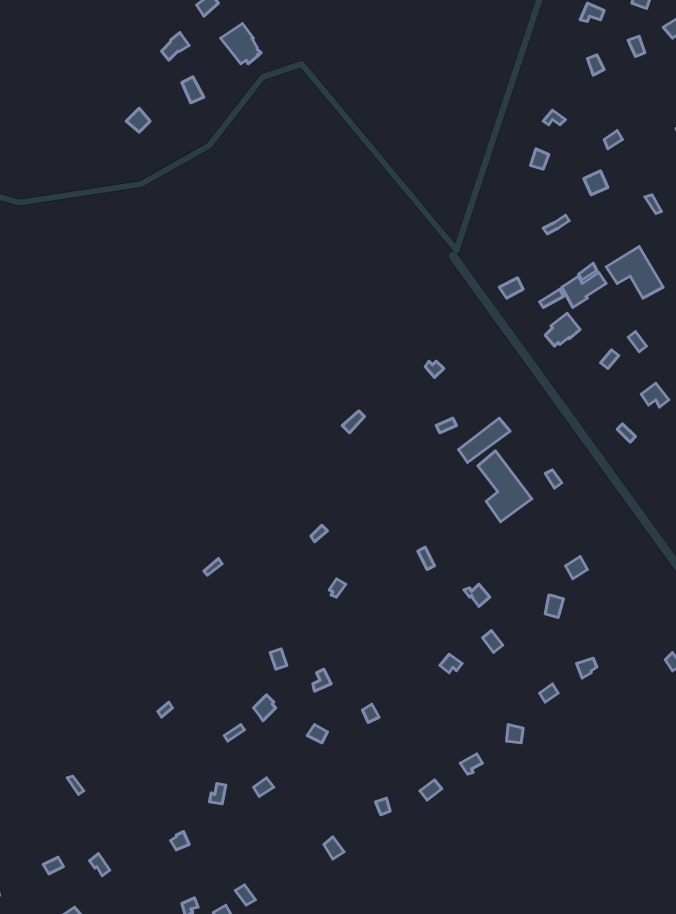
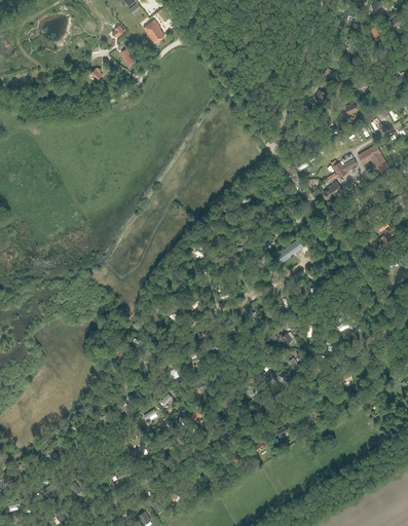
building: [478,451,532,522] -> none

